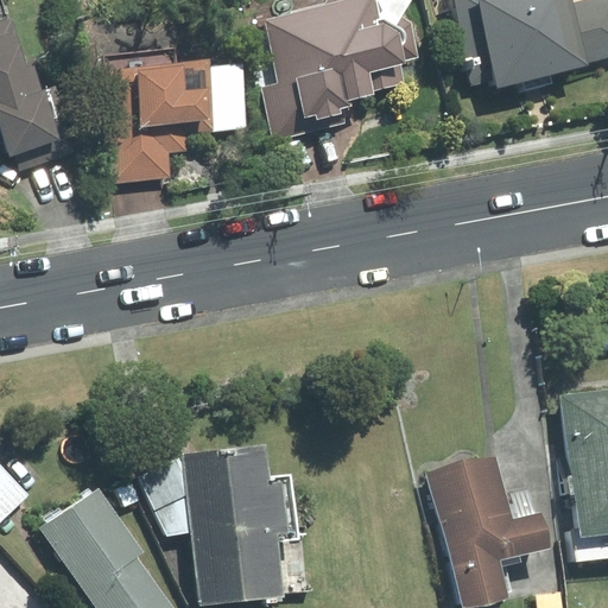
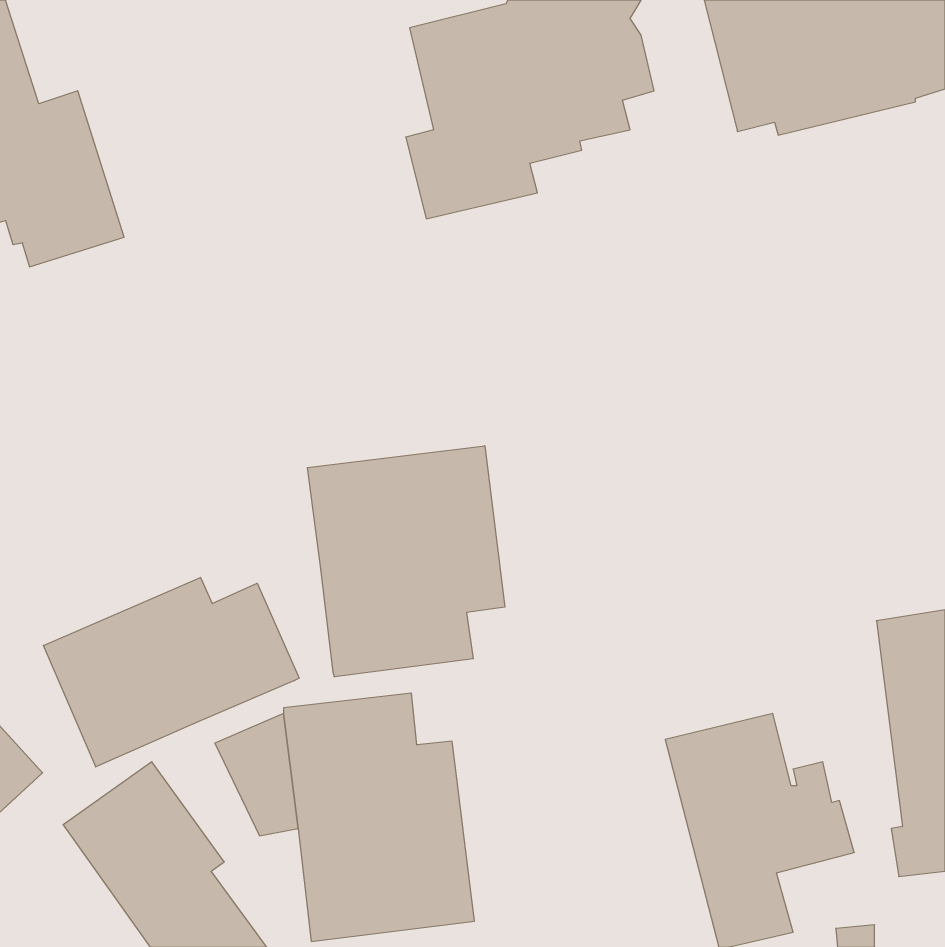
building: [101,49,247,183] -> none
building: none -> [307,446,505,677]
building: none -> [43,577,299,767]

